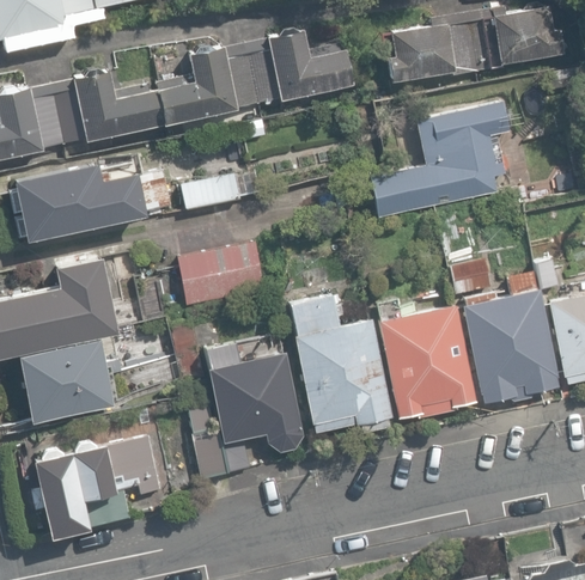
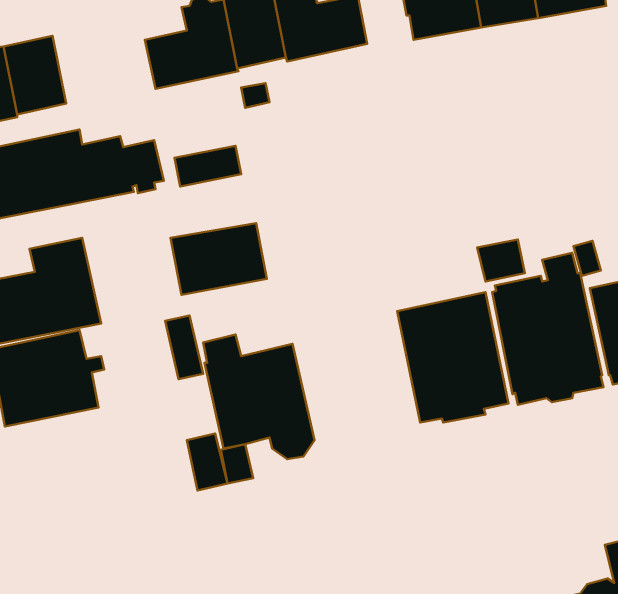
building: [74,67,165,142] -> none
building: [368,103,508,219] -> none
building: [291,297,392,434] -> none
building: [33,438,159,537] -> none

